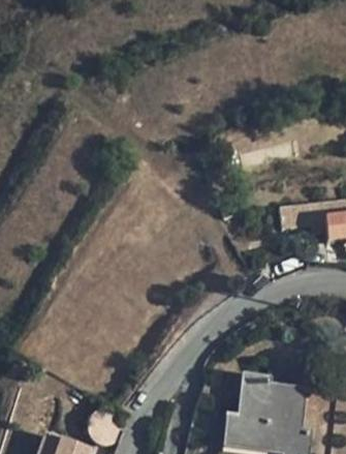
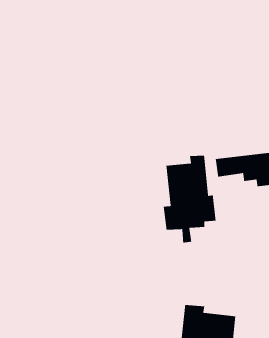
building: none -> [163,155,217,244]

